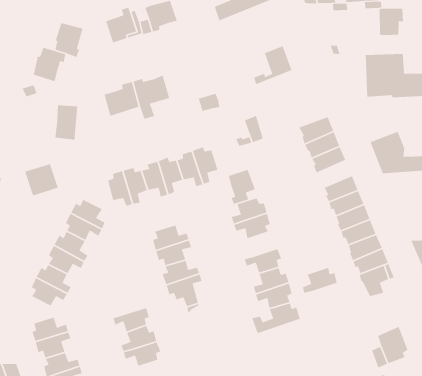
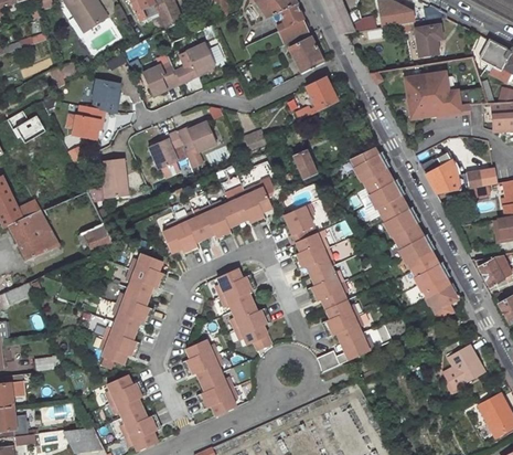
building: none -> [287,36,322,74]
building: none -> [371,184,407,214]
building: [302,267,338,294] -> [306,265,341,295]
building: none -> [180,339,216,369]

